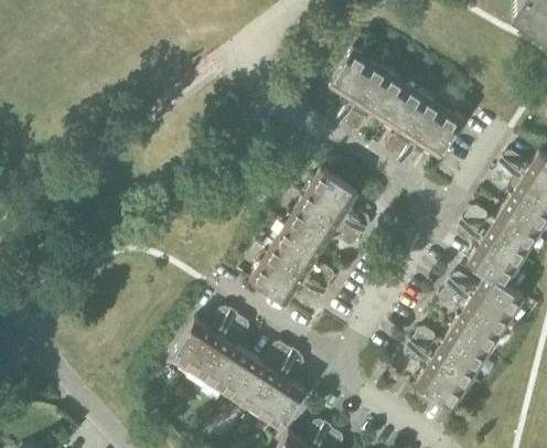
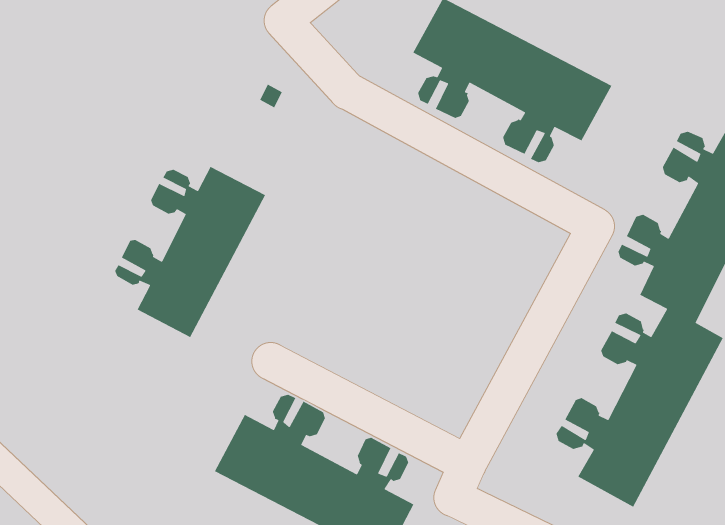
building: none -> [114,166,266,338]
building: [249,168,369,302] -> none

